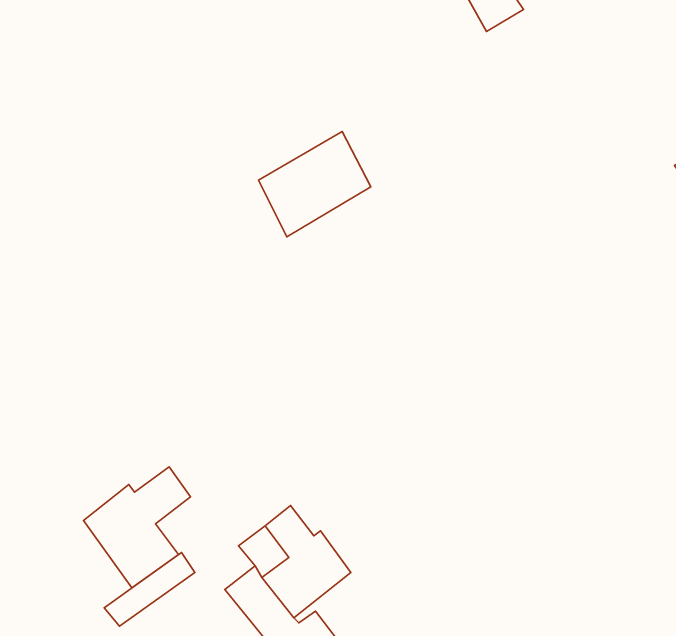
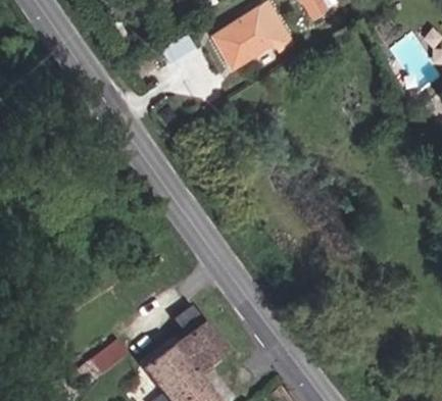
building: [258,131,371,237] -> [209,6,278,70]
building: [83,467,190,588] -> none

